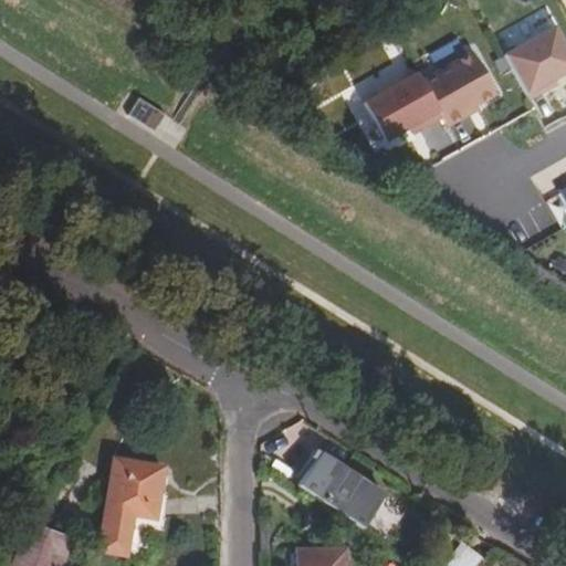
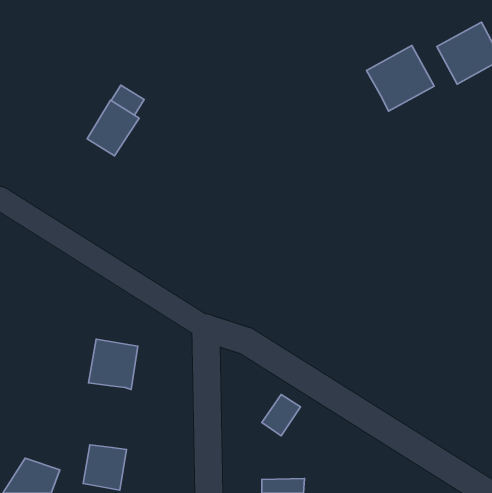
building: [360,71,439,143] -> none
building: none -> [87,100,139,156]
building: [105,459,161,516] -> [89,339,138,390]
building: [324,465,388,527] -> none

